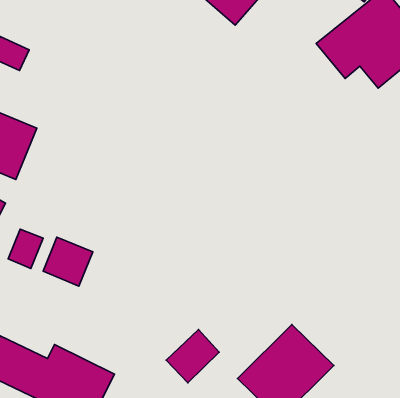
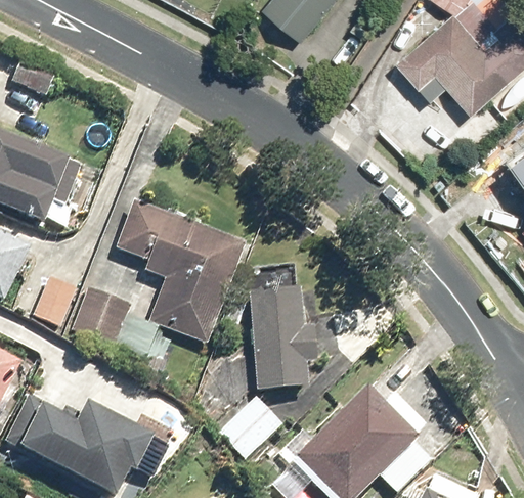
building: none -> [116,199,244,342]
building: none -> [248,284,307,388]

